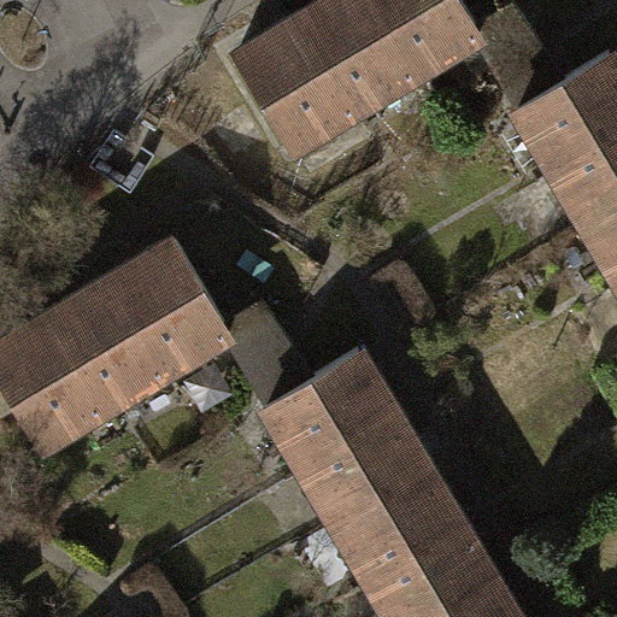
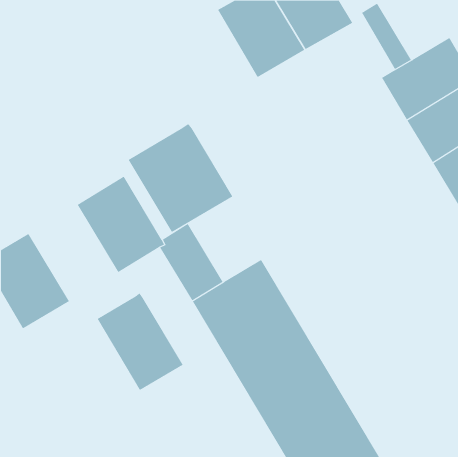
building: [231,22,348,149] -> none
building: none -> [128,123,233,233]
building: [45,281,163,409] -> none
building: none -> [97,293,184,391]

